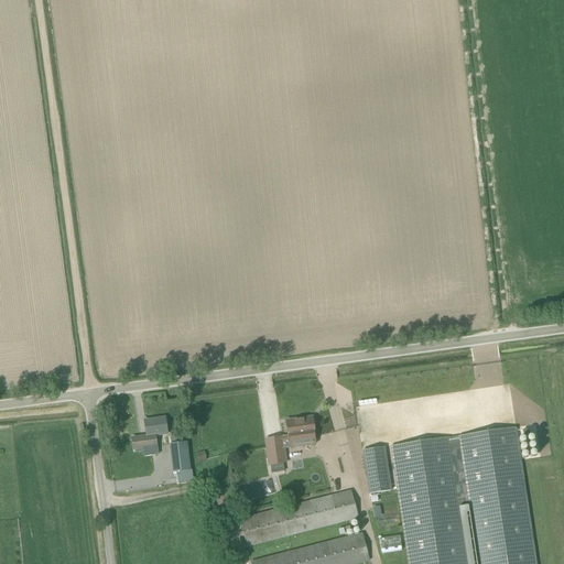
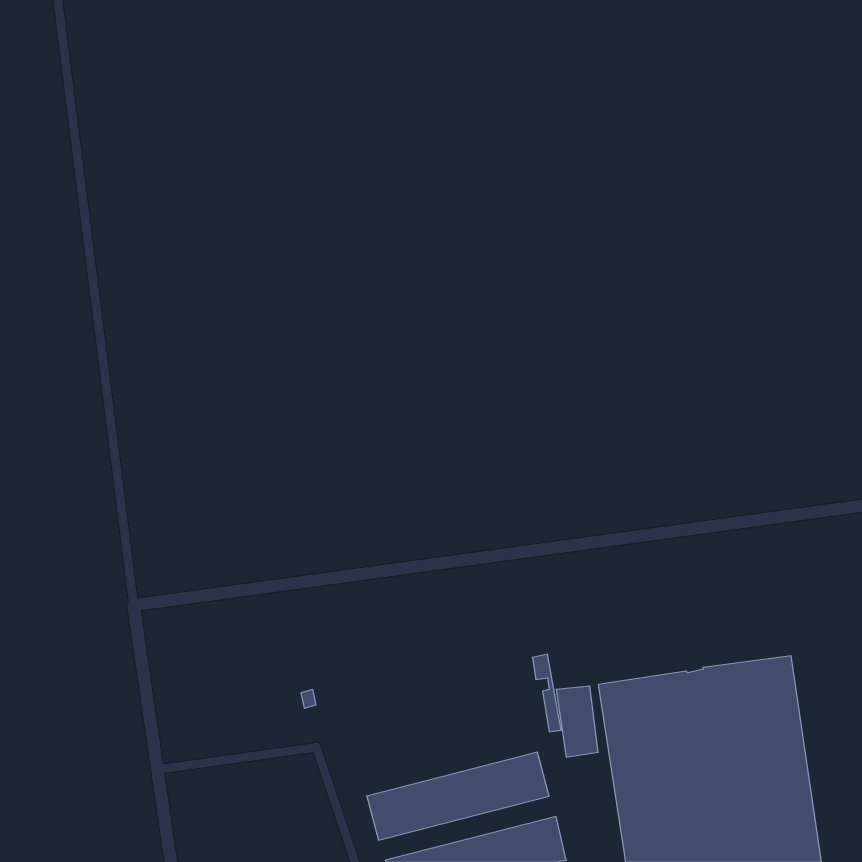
building: [133,417,169,449] -> none
building: [267,417,317,473] -> none
building: [169,443,191,473] -> none

